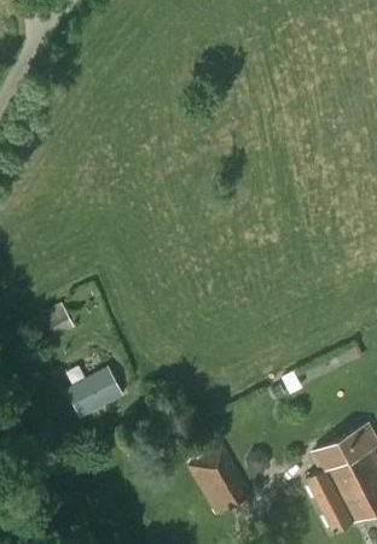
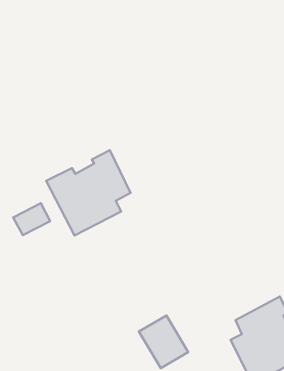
building: none -> [46,150,130,236]
building: [66,368,122,416] -> none

